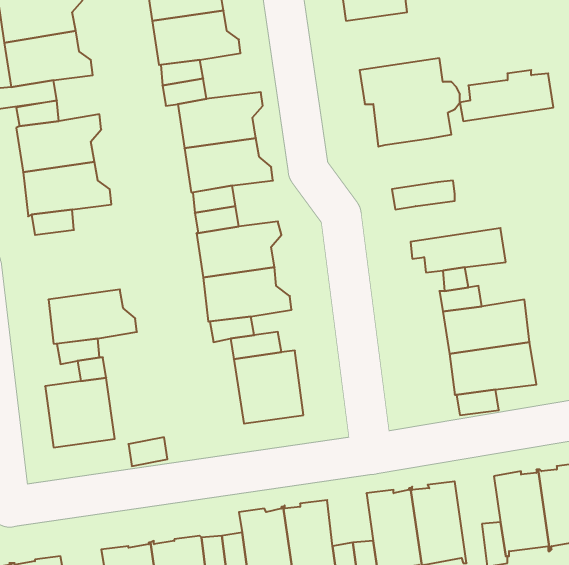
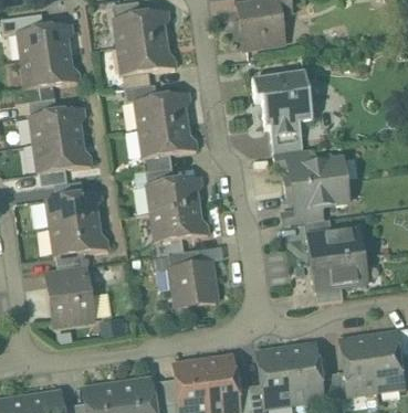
building: [460,70,553,121] -> [283,156,344,189]
building: none -> [269,121,303,155]
building: none -> [45,190,101,226]

